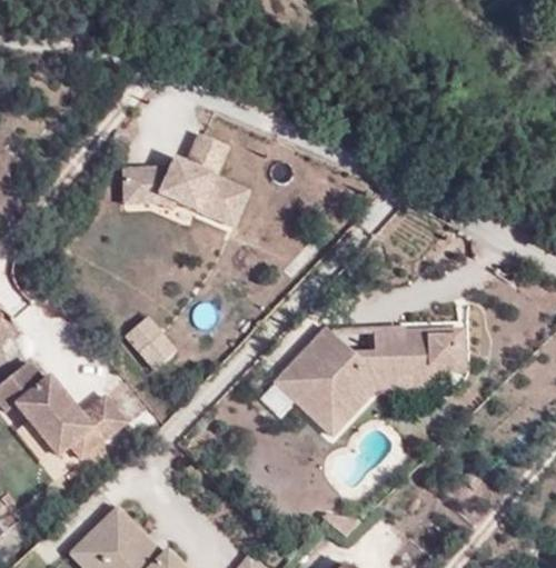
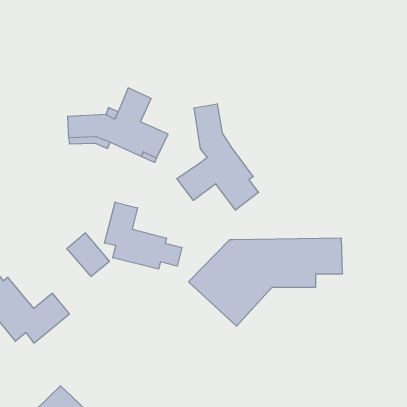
building: none -> [177,104,259,210]
building: none -> [105,202,182,269]

